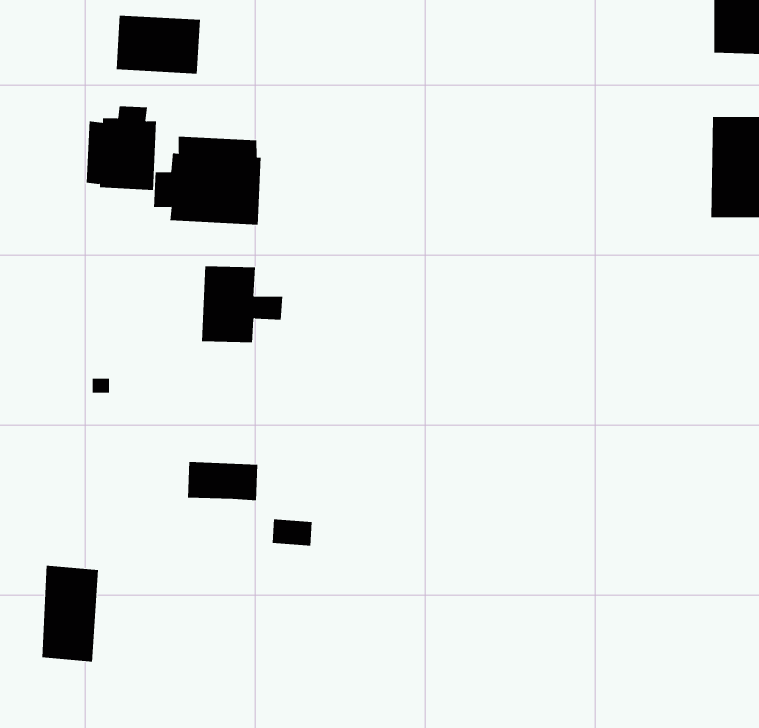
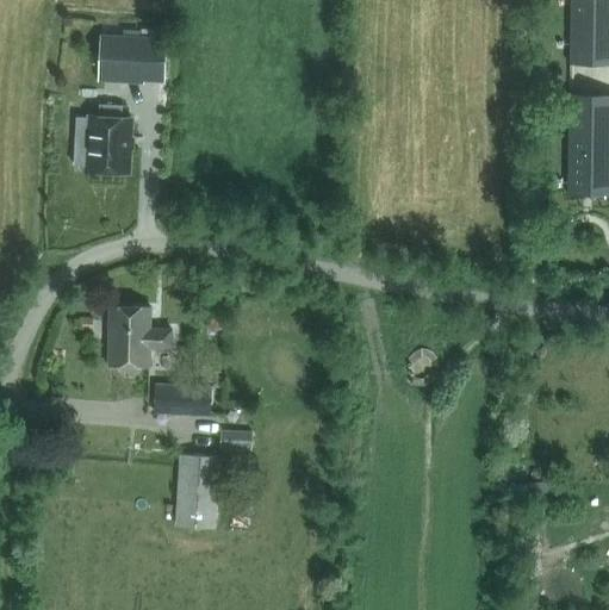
building: [154,136,261,226] -> none
building: [201,266,283,343] -> [107,304,172,365]
building: [41,565,99,662] -> [176,454,222,530]

